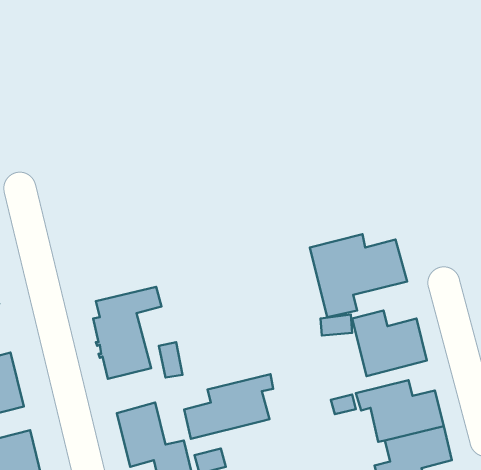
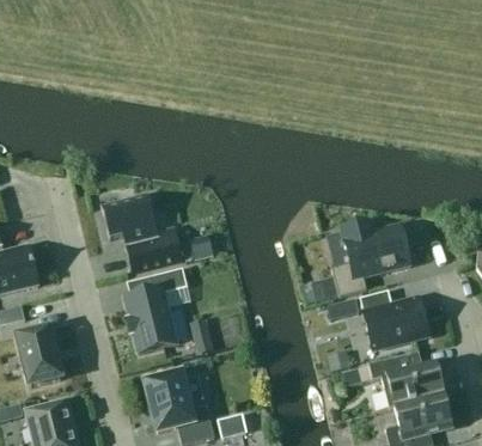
building: none -> [103,197,184,271]
building: [184,374,273,439] -> none

